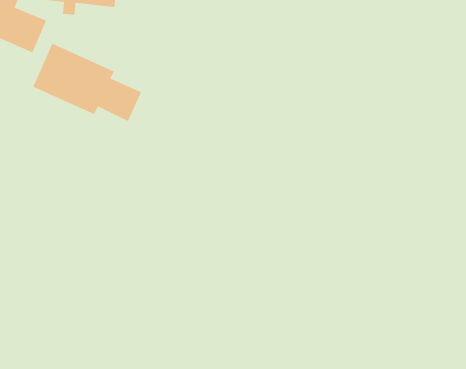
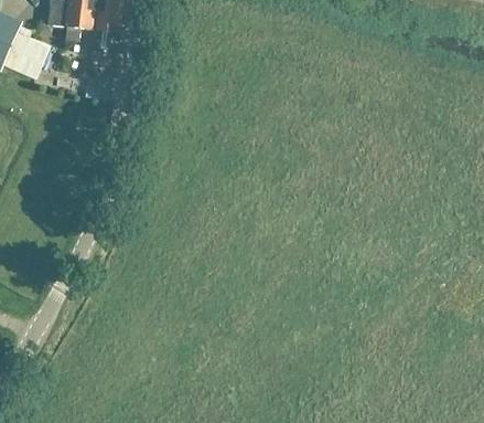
building: [33,43,142,122] -> none

